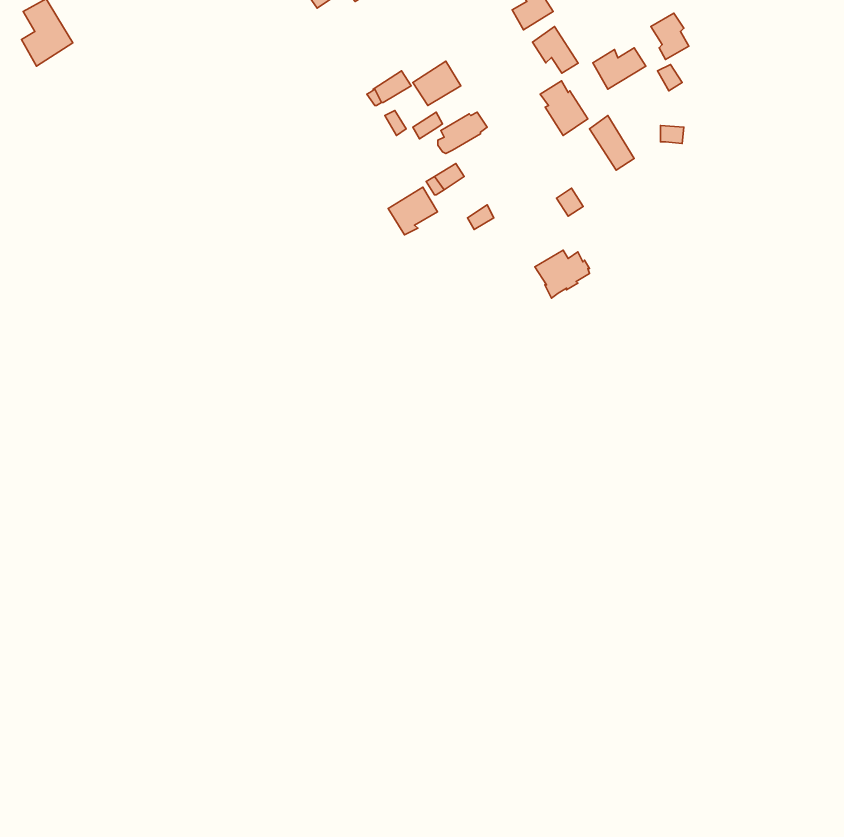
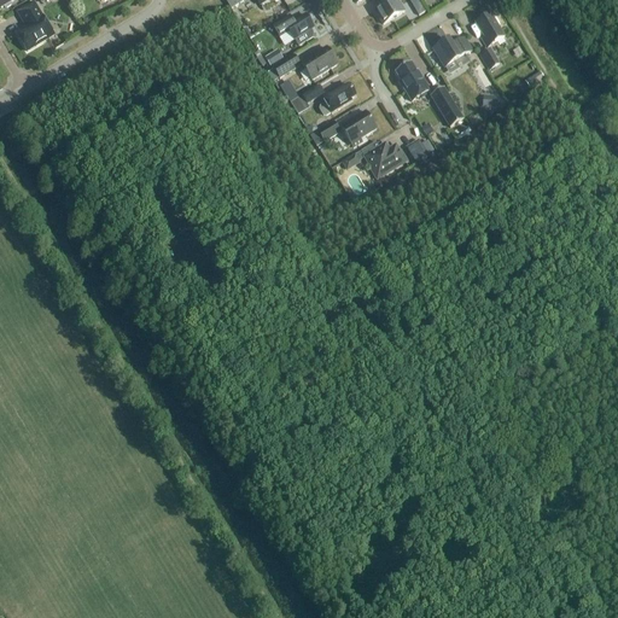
building: none -> [276,11,314,39]
building: [532,27,578,73] -> none
building: [388,187,438,235] -> [340,109,377,144]
building: [535,250,589,298] -> [365,141,404,176]

